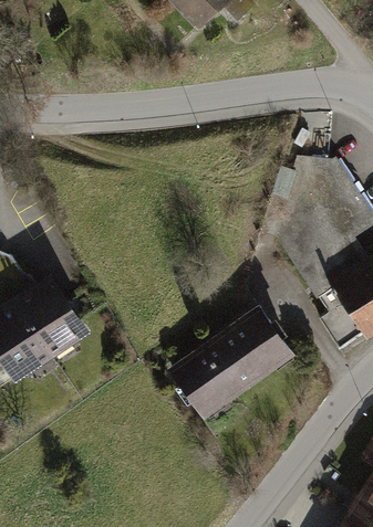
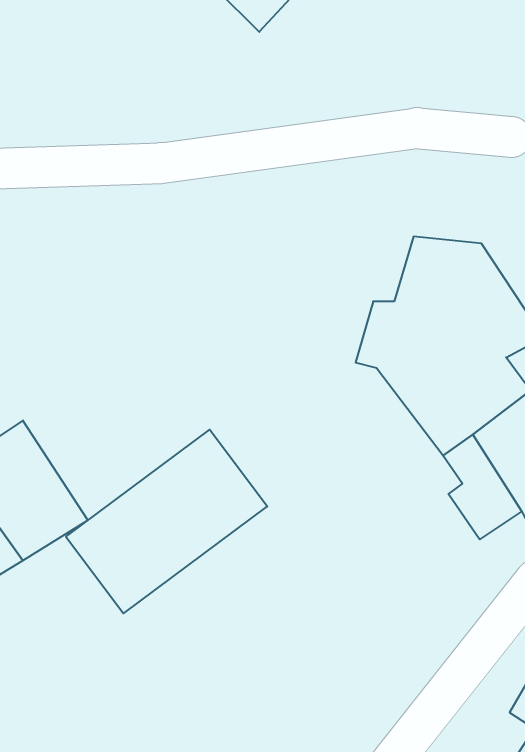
building: [170,302,298,418] -> [66,430,267,613]

